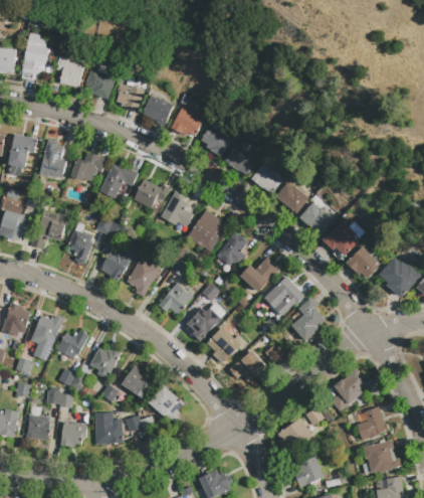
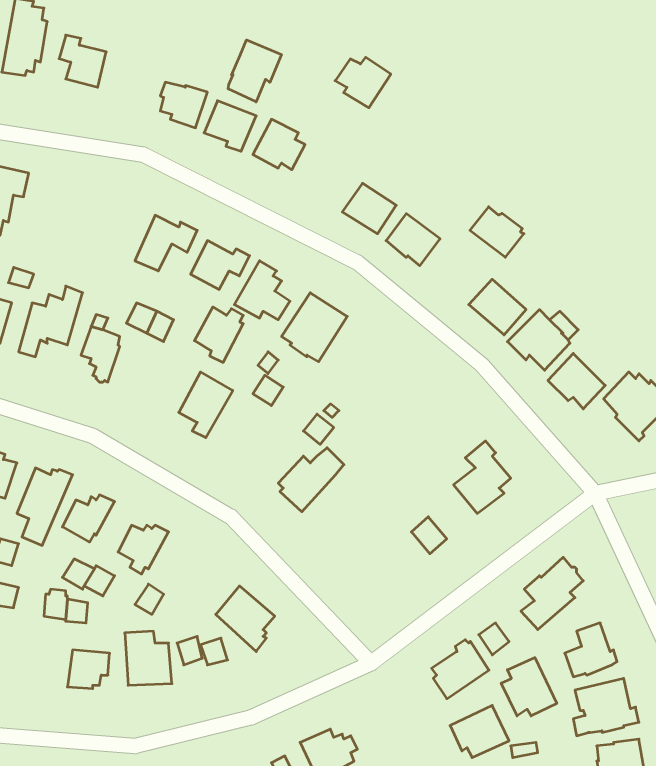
building: none -> [228,40,281,102]
building: [83,68,115,99] -> none
building: [200,125,233,155] -> [335,57,391,108]
building: [40,138,65,178] -> none
building: [71,152,105,181] -> none
building: [275,182,307,212] -> [470,207,524,257]
building: [217,231,247,267] -> none
building: [100,248,130,282] -> [194,307,243,362]
building: [241,257,280,292] -> none
building: [264,276,304,315] -> none
building: [158,282,193,315] -> none
building: [207,322,241,363] -> none
building: [230,349,266,382] -> none
building: [122,365,155,397] -> none
building: [27,414,50,440] -> none
building: none -> [501,658,557,716]

